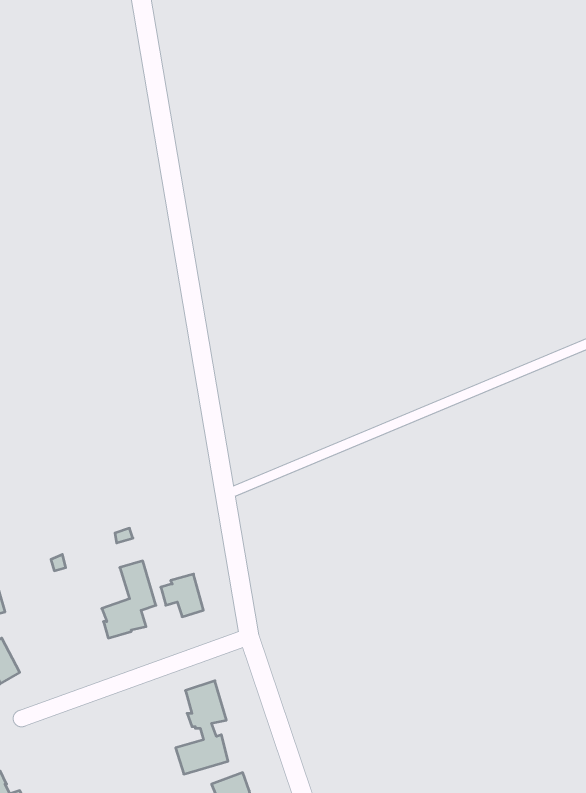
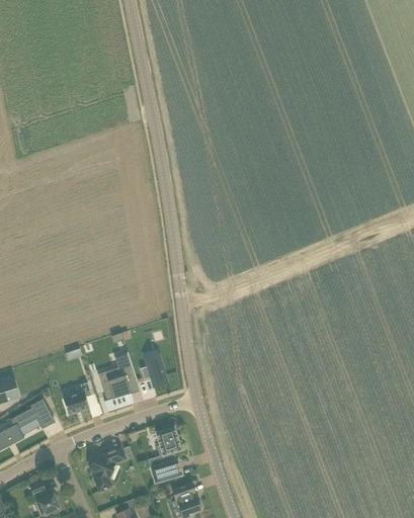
building: none -> [63,382,91,415]
building: none -> [90,446,126,491]

